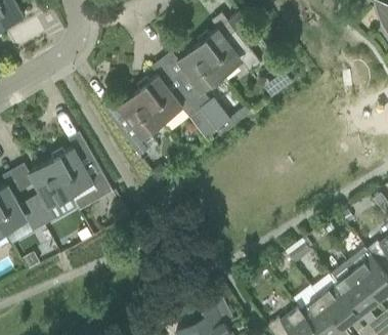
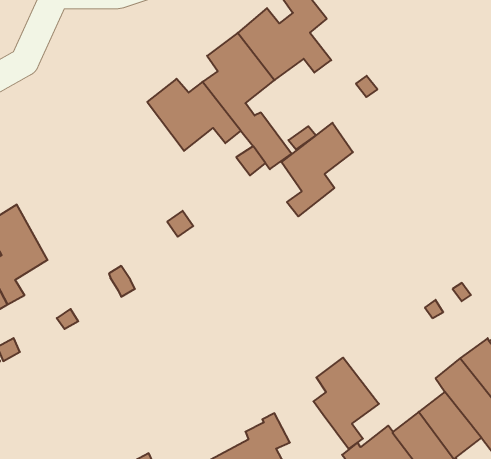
building: [117,91,162,157] -> none
building: none -> [281,123,353,216]
building: [50,148,110,197] -> none
building: none -> [313,358,379,449]

